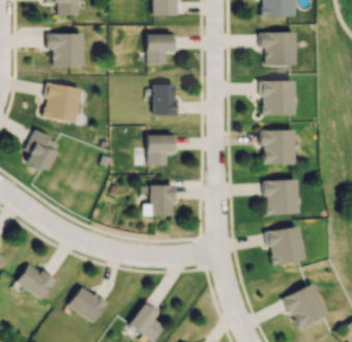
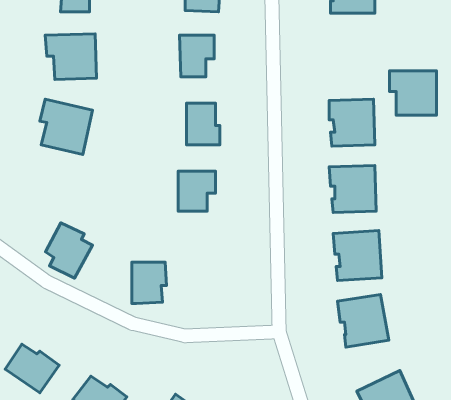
building: [260,32,295,65] -> [389,71,436,115]
building: [24,129,59,170] -> [45,223,93,278]
building: [150,184,175,216] -> [132,262,167,304]

